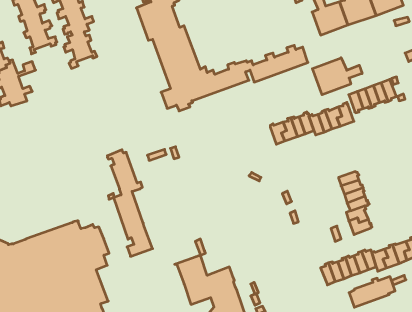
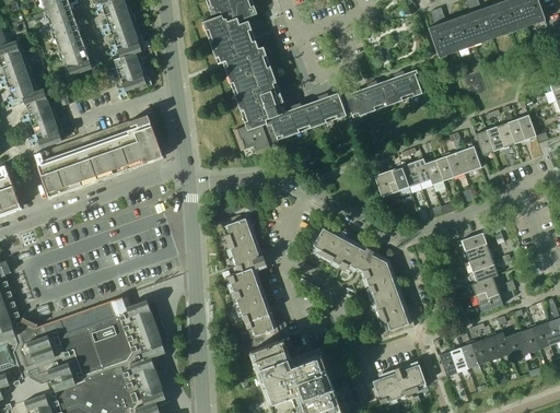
building: [312,58,362,95] -> none
building: none -> [34,114,163,197]
building: [107,150,153,256] -> [221,214,279,351]
building: none -> [305,225,415,338]
building: [349,277,395,307] -> [366,364,425,403]

